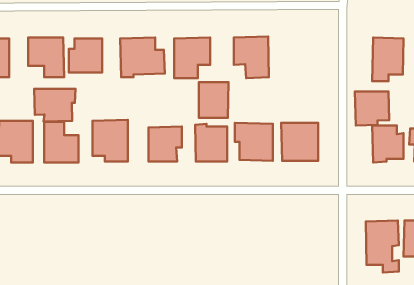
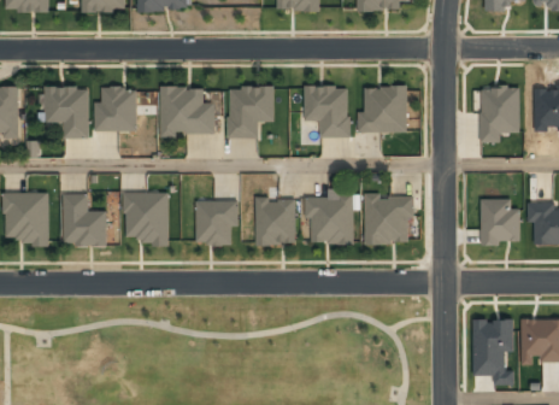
building: none -> [357,86,407,131]
building: [199,82,229,118] -> none
building: [34,89,76,122] -> none
building: [355,92,389,126] -> none

